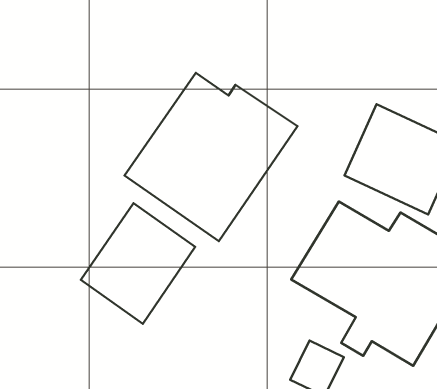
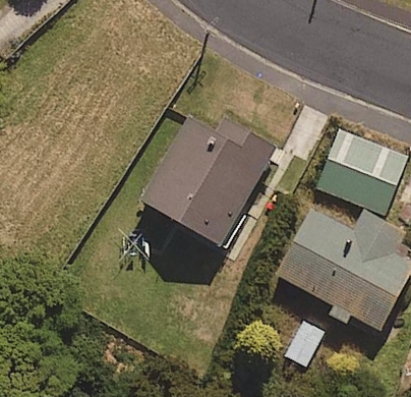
building: [81,203,195,324] -> none

